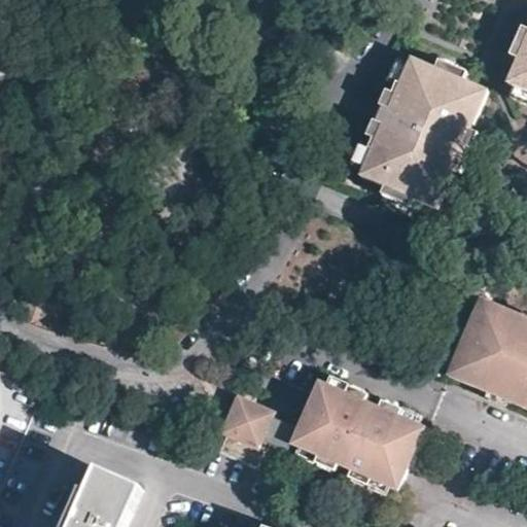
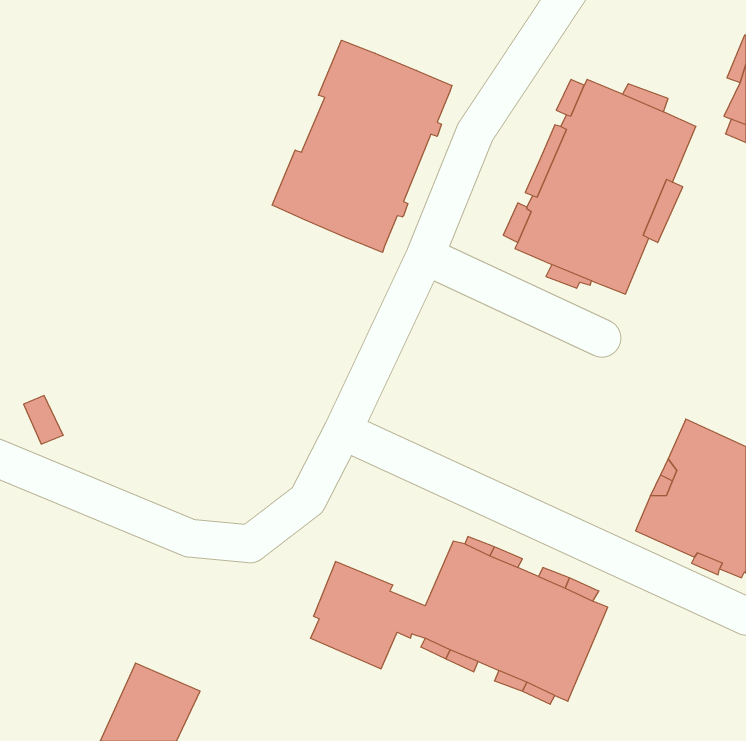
building: none -> [272,40,452,252]

